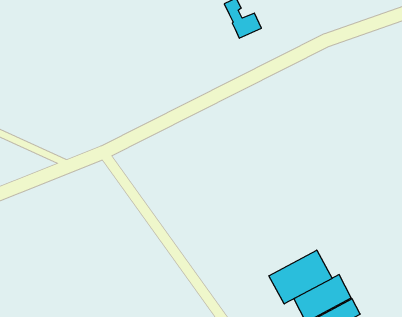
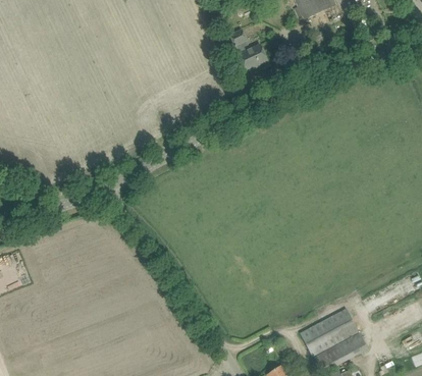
building: [269,250,332,304] -> none

